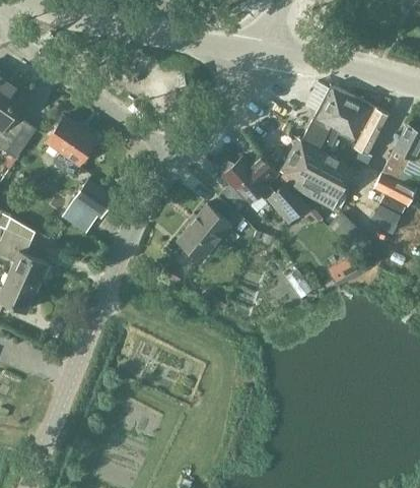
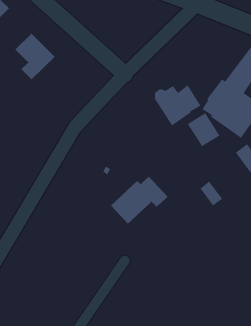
building: [61,183,115,238] -> none
building: [178,198,246,260] -> [110,176,168,224]

